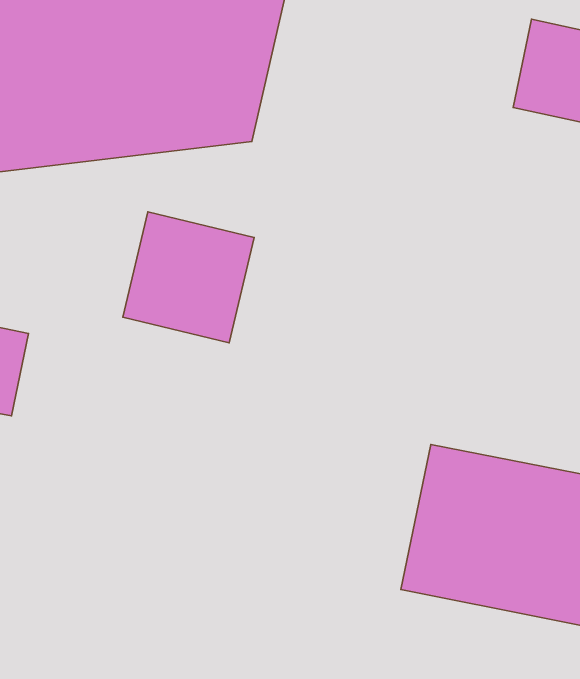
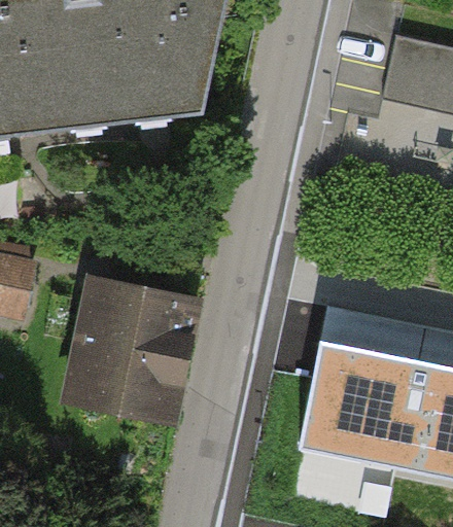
building: [123,212,254,343] -> none
building: none -> [57,278,201,430]

